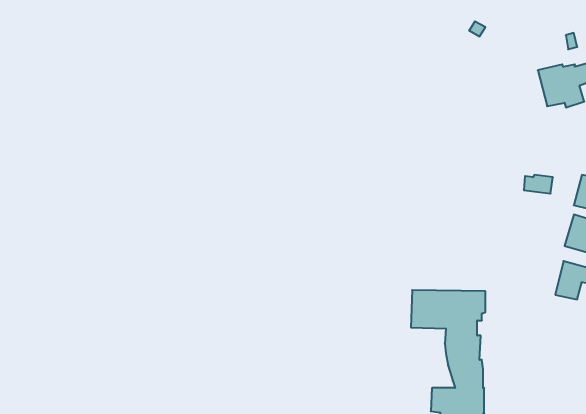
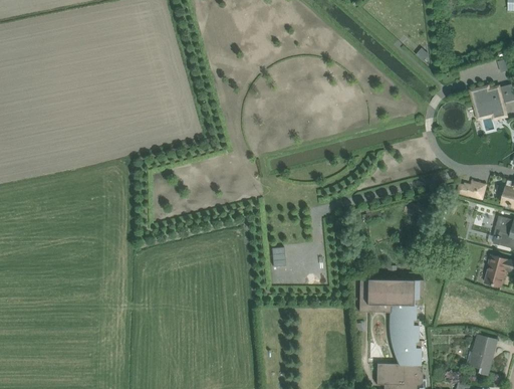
building: none -> [467,335,498,376]

